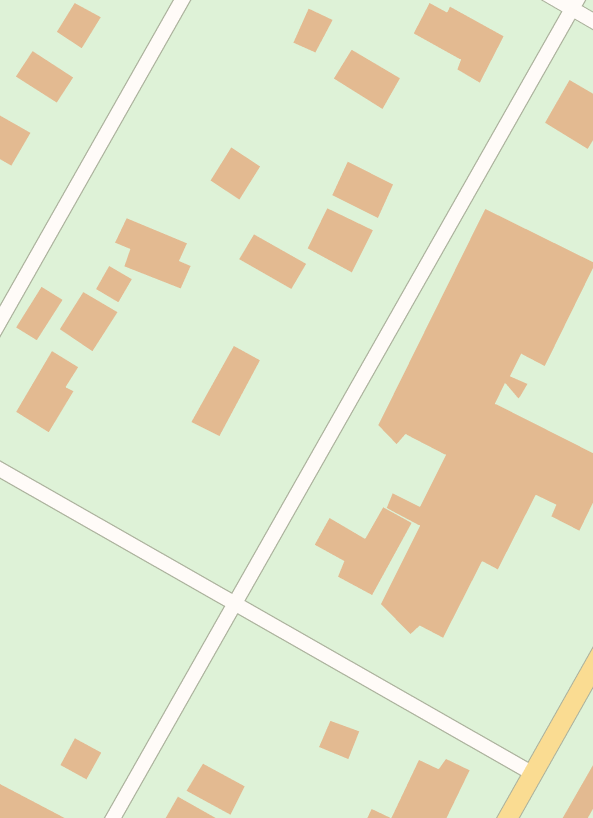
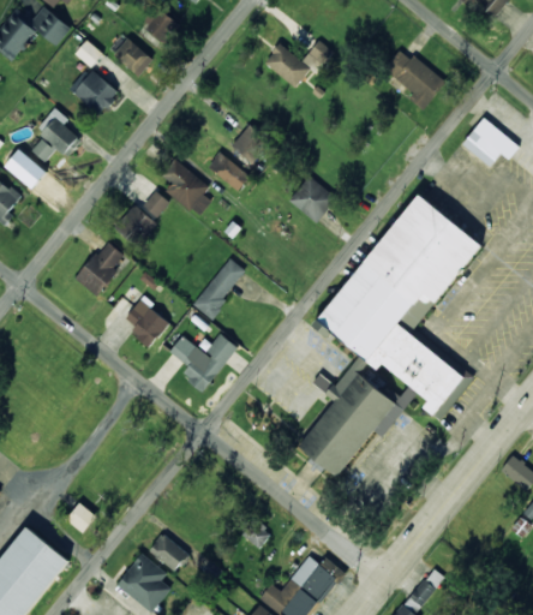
building: [333,49,401,110] -> [264,43,310,88]
building: [332,161,394,219] -> none
building: [238,233,307,290] -> [206,150,252,192]
building: [15,286,63,341] -> none
building: none -> [122,294,169,345]
building: [314,506,412,596] -> [169,333,238,392]

